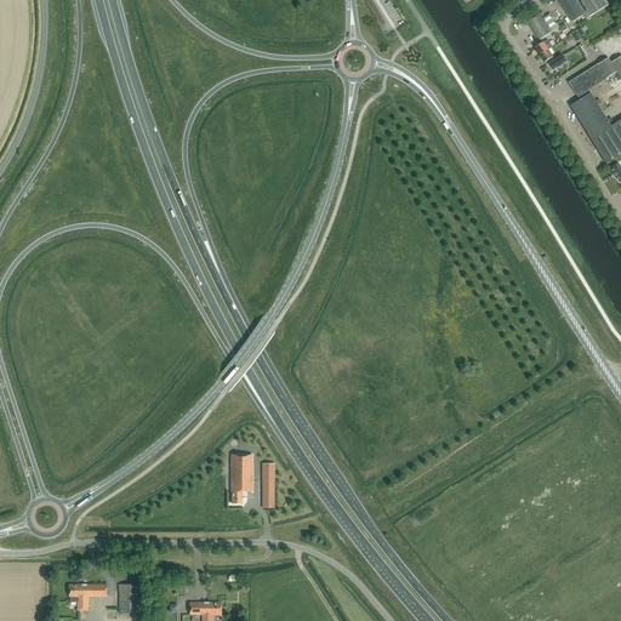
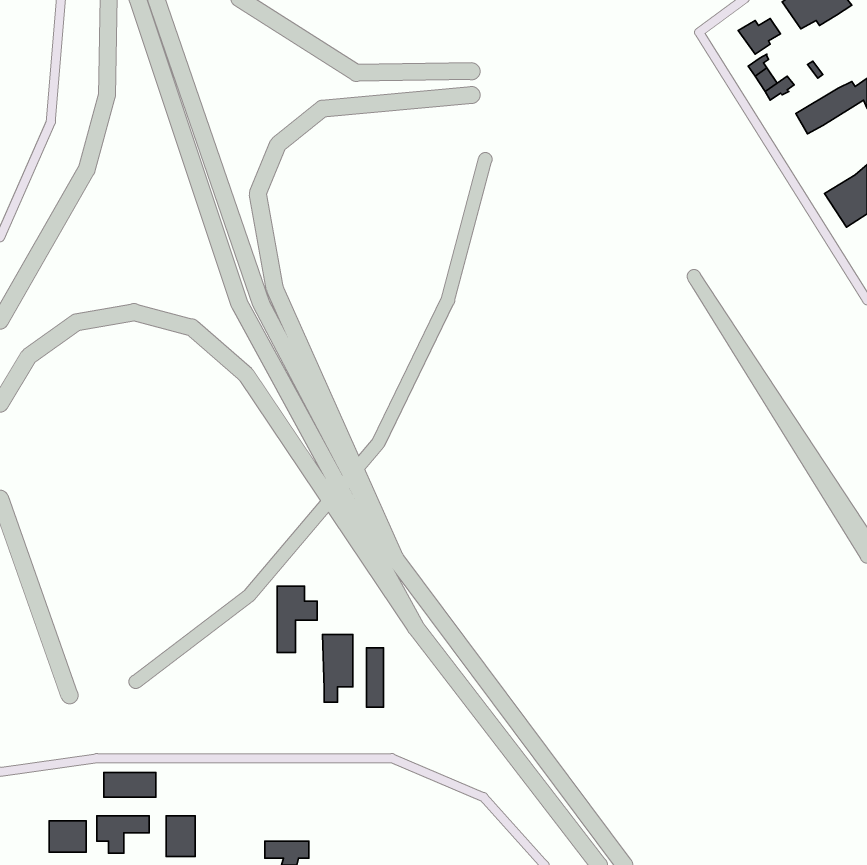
building: [570,90,611,138] -> none
building: none -> [277,586,317,652]
building: none -> [104,772,156,797]
building: none -> [49,821,86,852]

